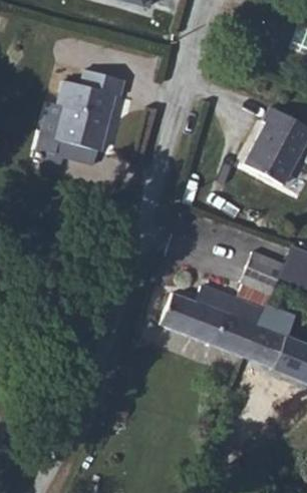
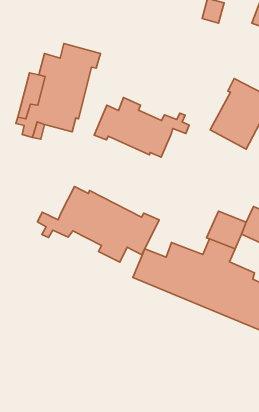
building: none -> [94,98,189,157]
building: none -> [37,186,159,262]

